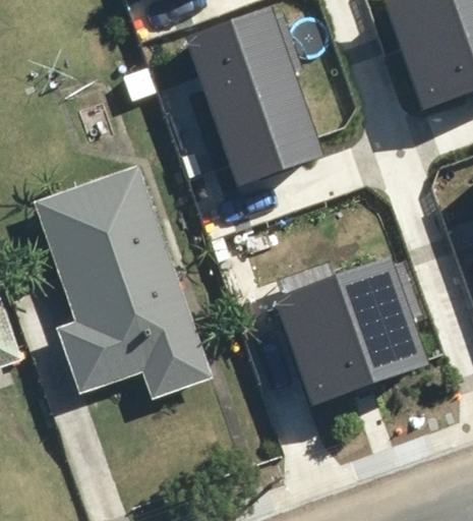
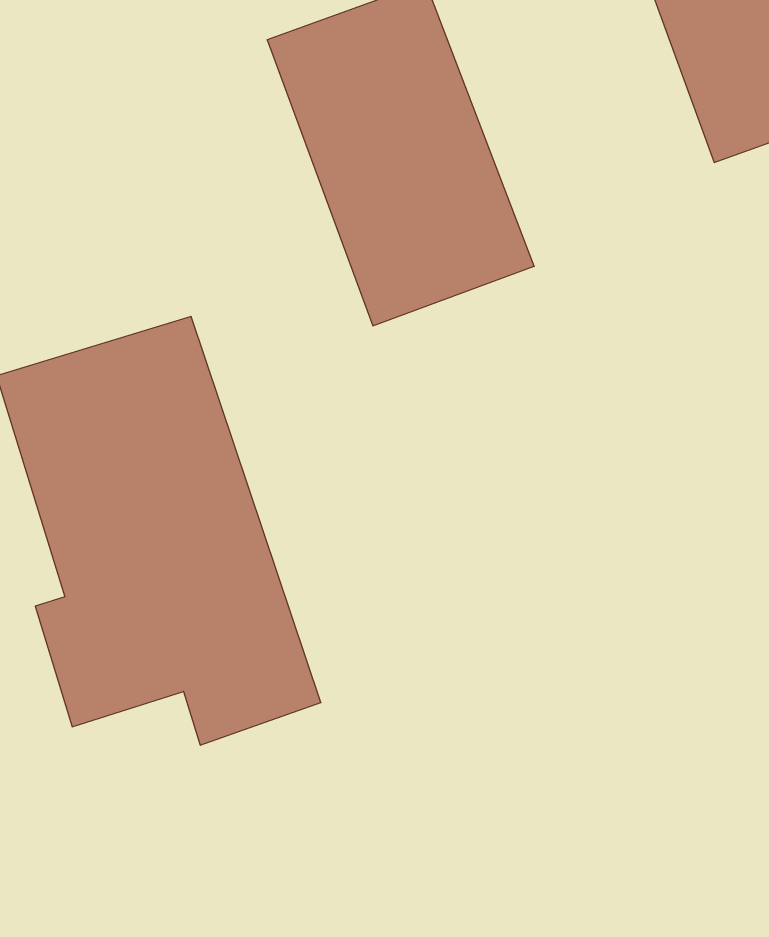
building: [283,248,421,389] -> none

